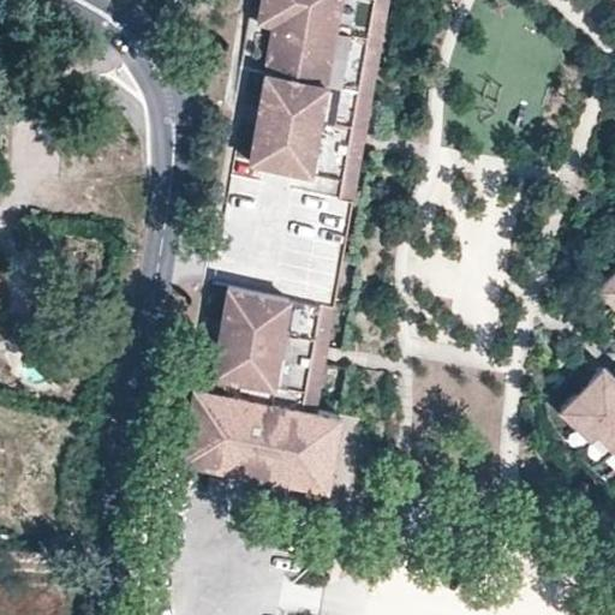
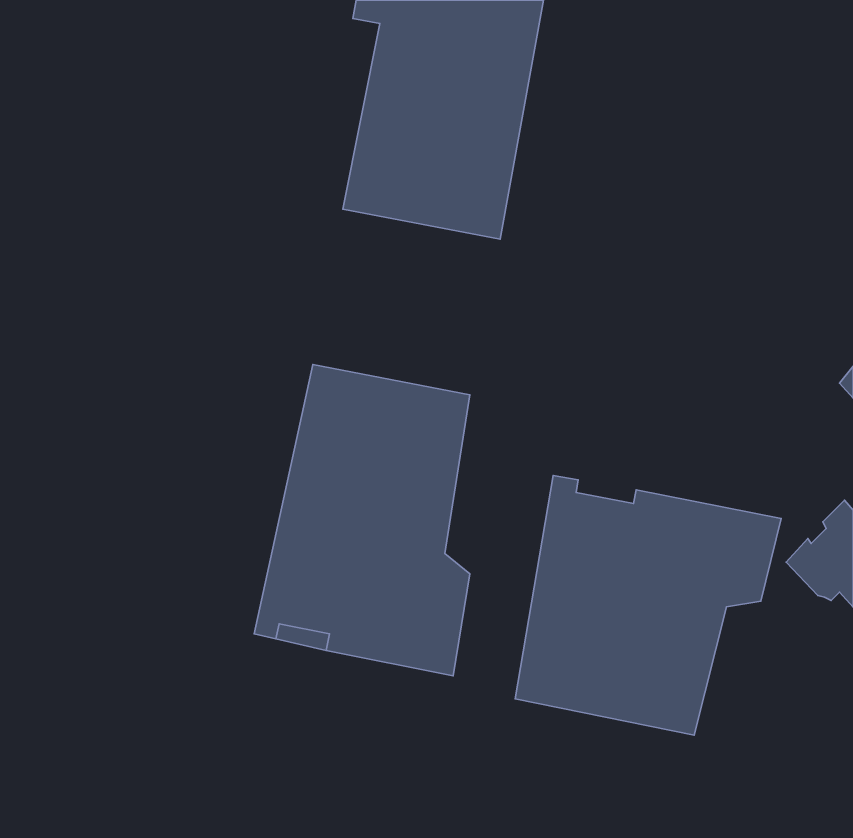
building: none -> [515,476,781,735]

